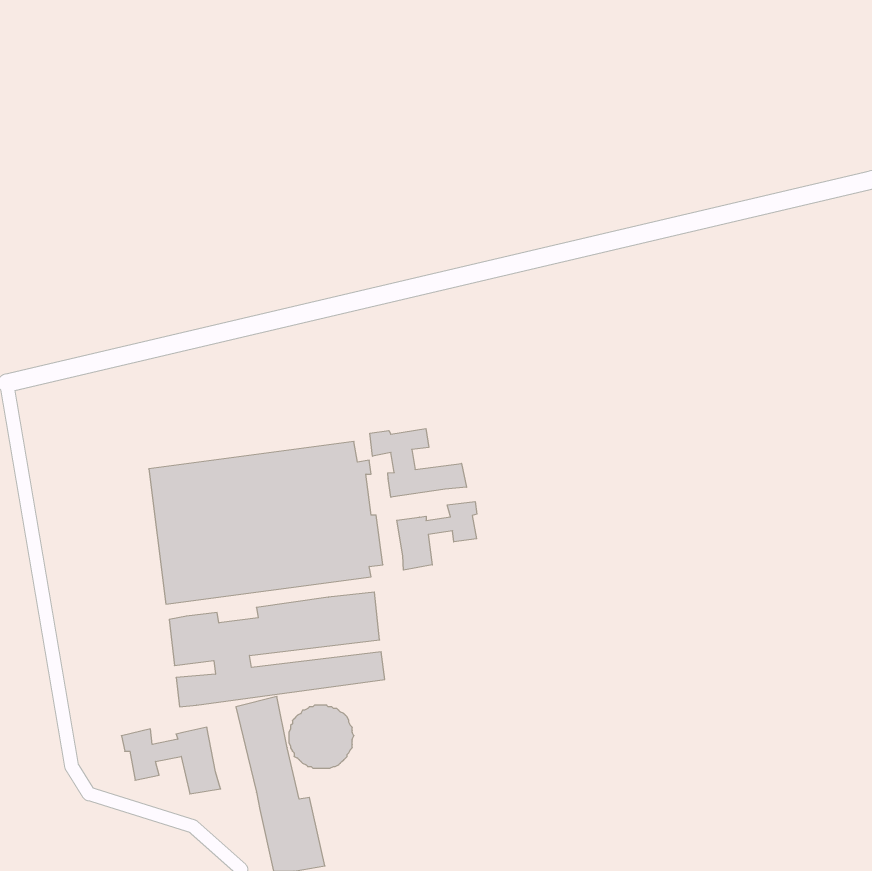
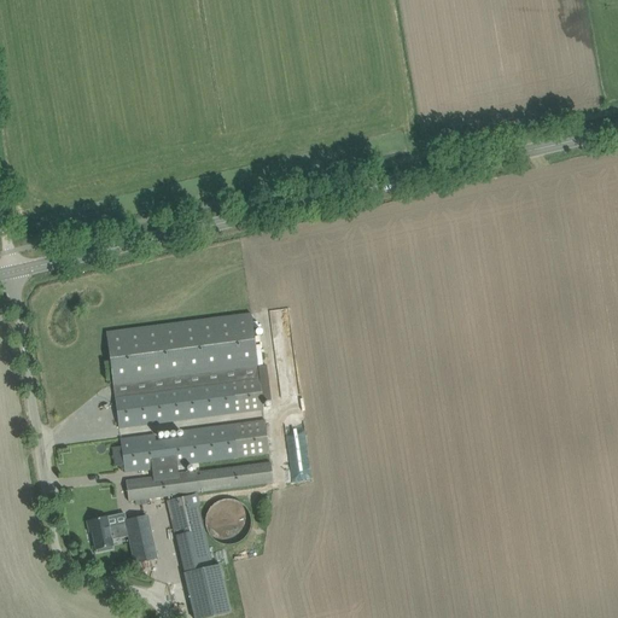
building: [370,429,467,497] -> none
building: [397,502,477,570] -> none

